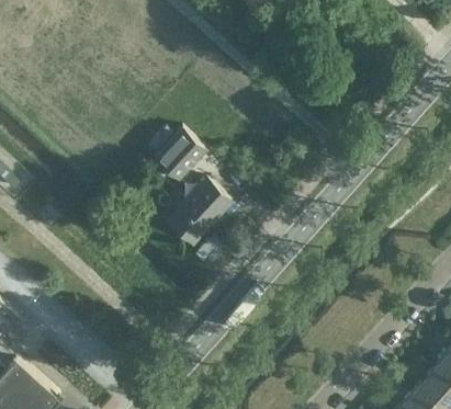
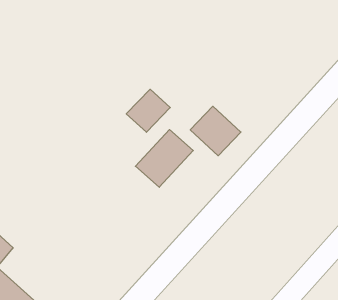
building: none -> [190,106,241,156]

